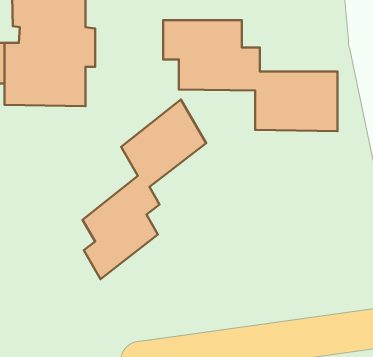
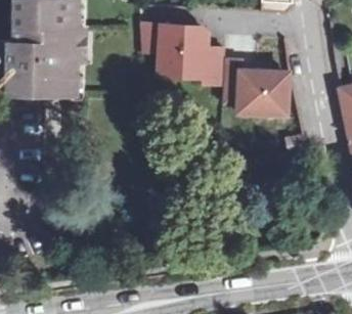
building: [82,100,206,279] -> none

